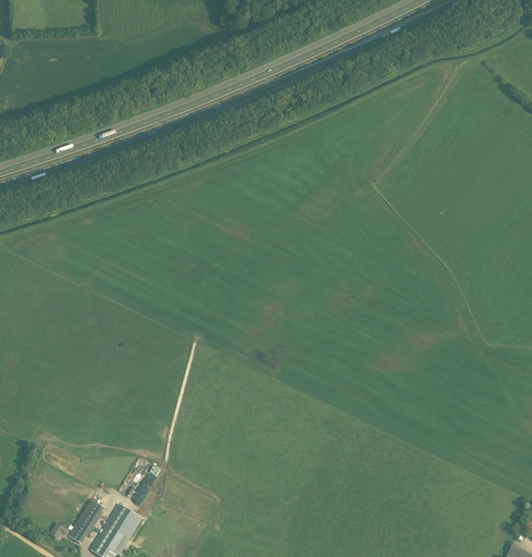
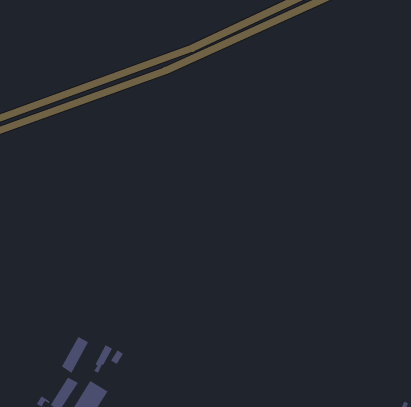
building: none -> [61,336,89,374]

